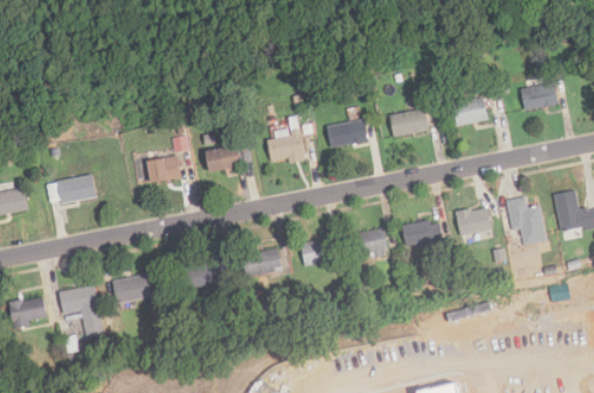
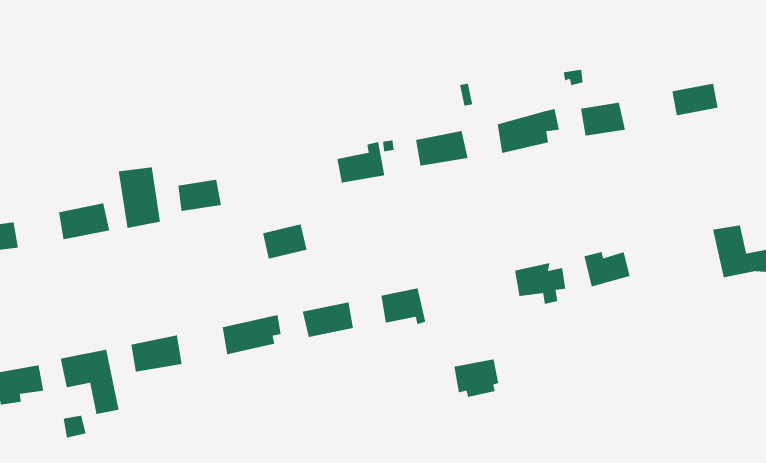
building: [205,144,239,171] -> [262,223,308,260]
building: none -> [118,166,161,229]
building: [505,196,545,244] -> none
building: [352,229,387,258] -> [453,358,499,398]

